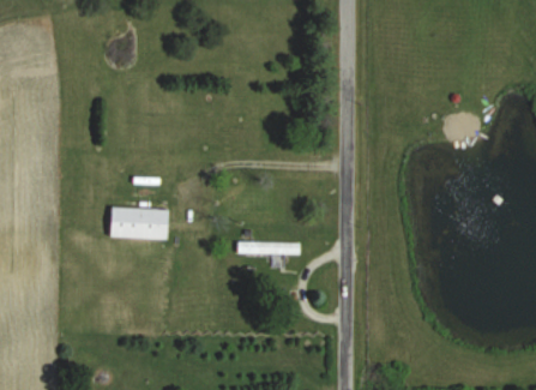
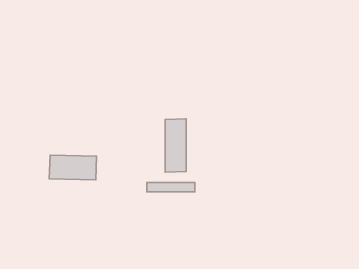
building: none -> [165,119,186,172]

